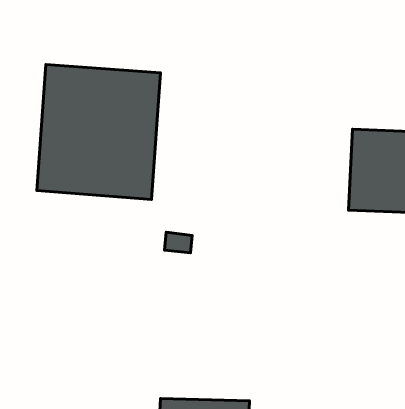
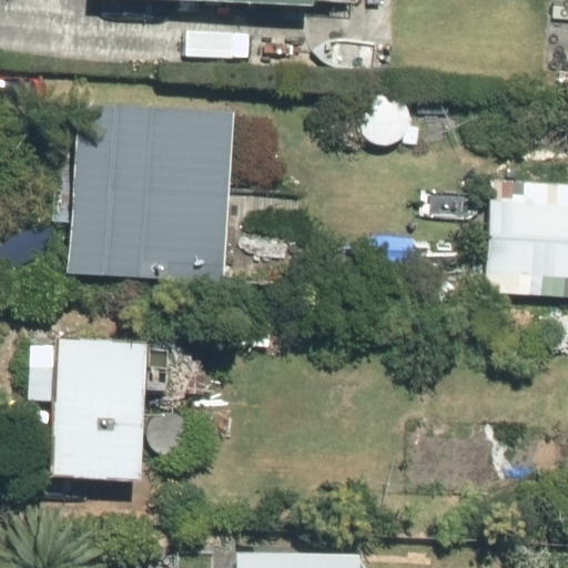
building: none -> [32,335,146,480]

